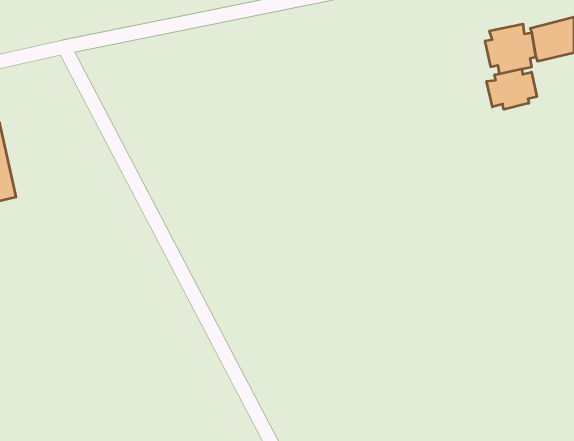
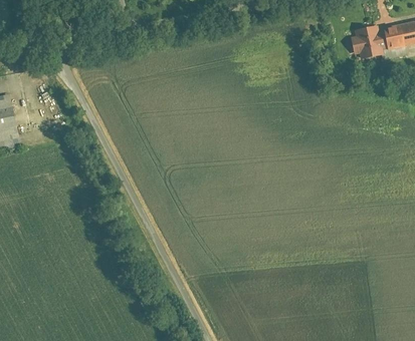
building: [487,69,537,109] -> none

